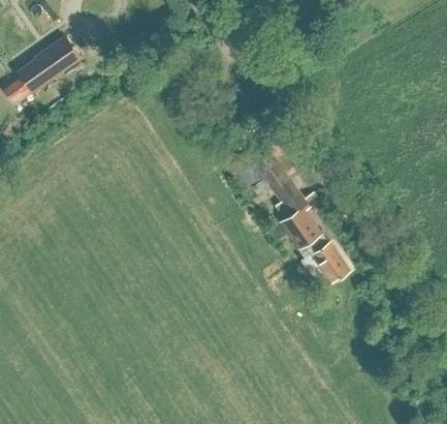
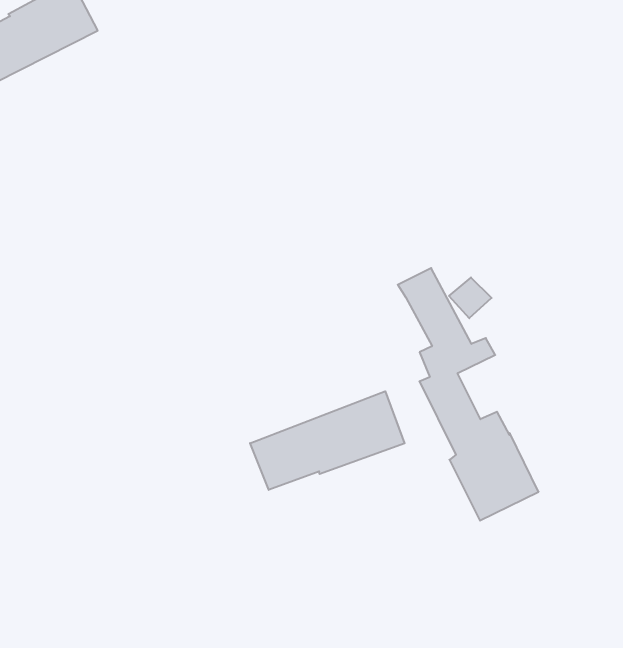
building: none -> [250,391,405,490]

